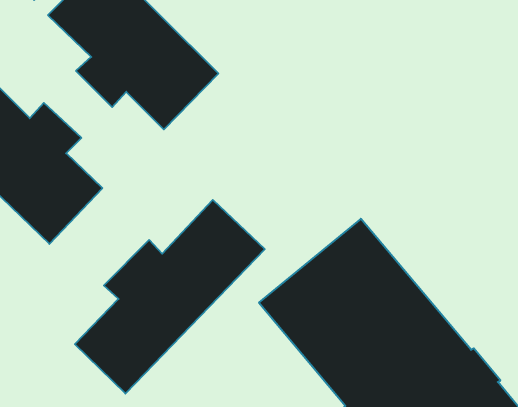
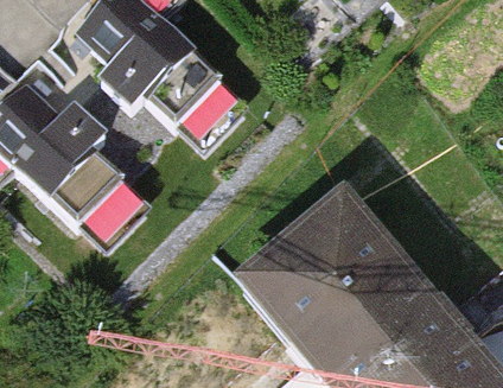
building: [75,200,265,394] -> none

